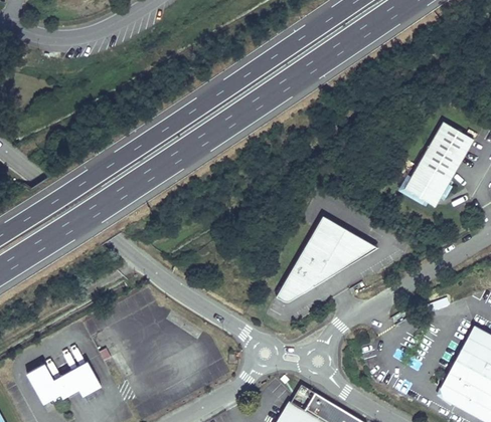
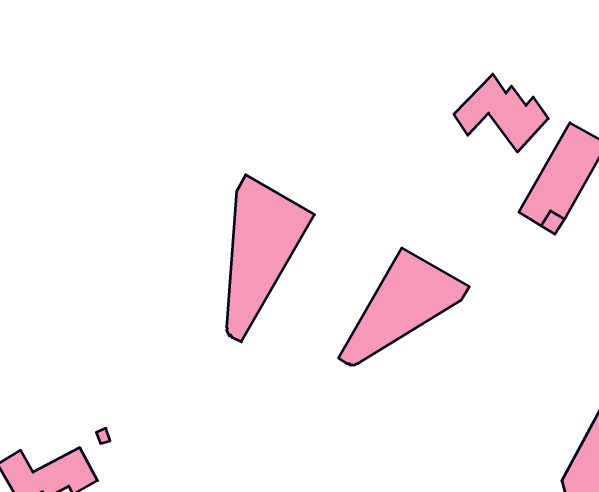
building: none -> [454,74,548,152]
building: none -> [227,175,315,342]

